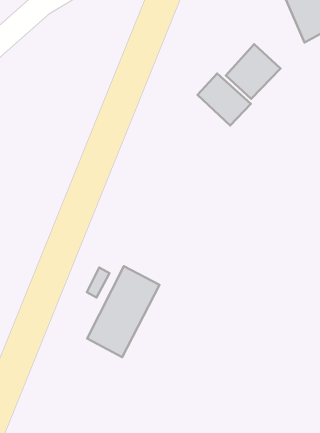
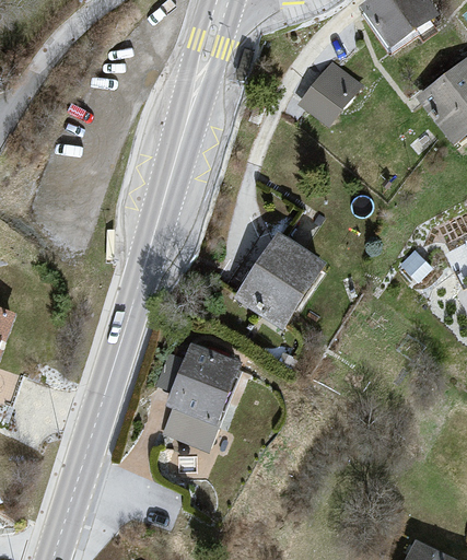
building: [198,74,251,126] -> none
building: none -> [240,233,329,327]

